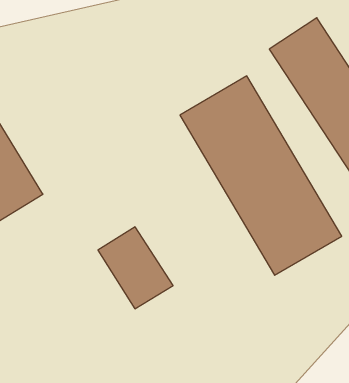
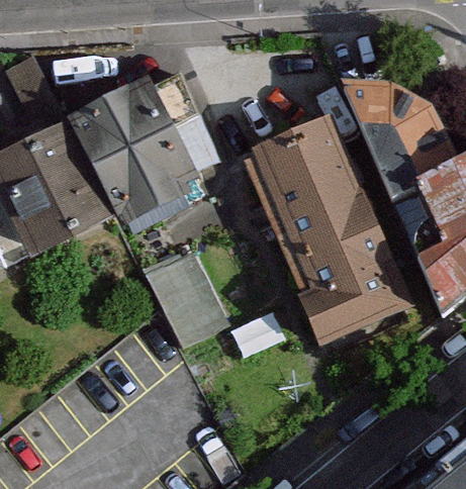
building: none -> [71,81,200,215]

